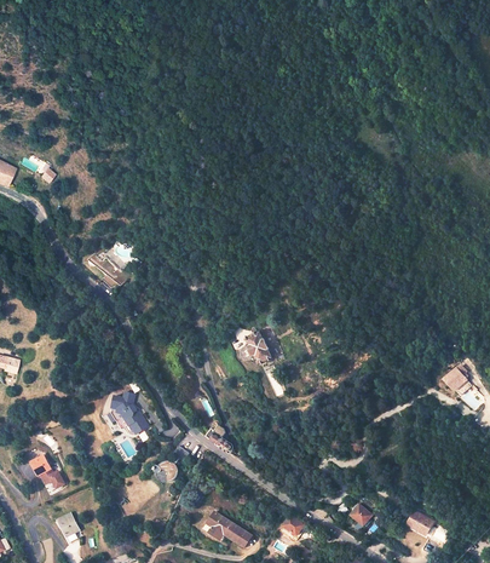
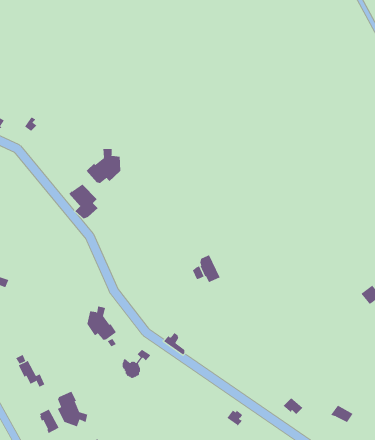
building: none -> [86,148,121,184]
building: none -> [57,391,88,427]
building: [204,510,250,546] -> none

